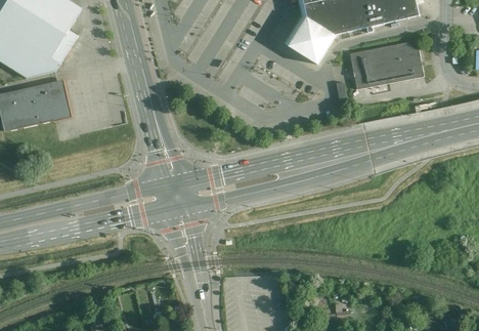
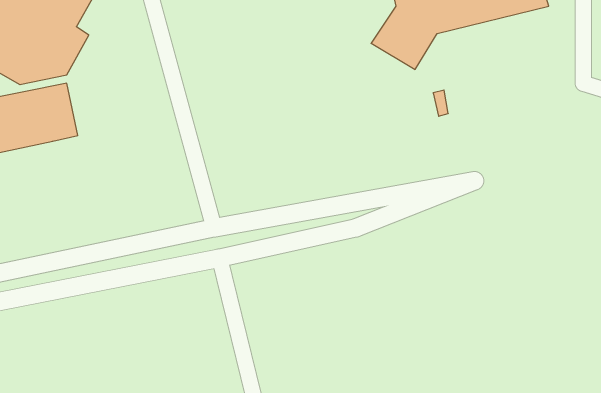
building: [346,38,422,87] -> none

